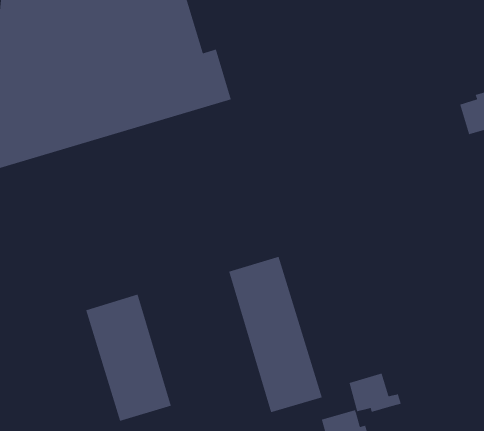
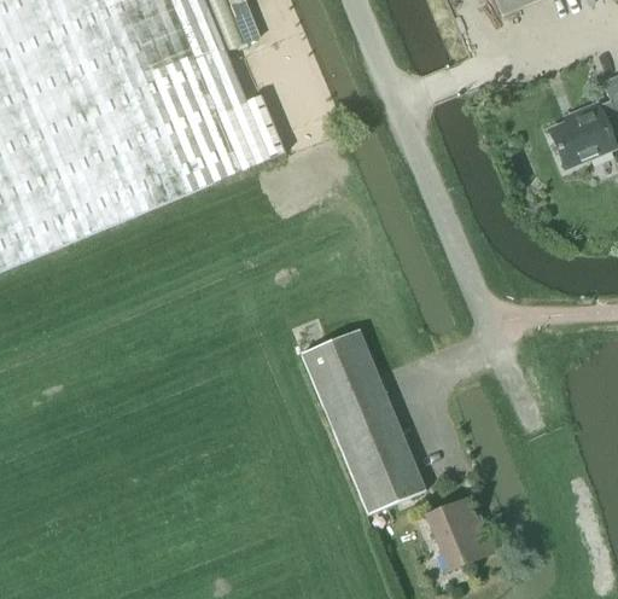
building: [85,293,172,422] -> none
building: [348,372,402,413] -> none

